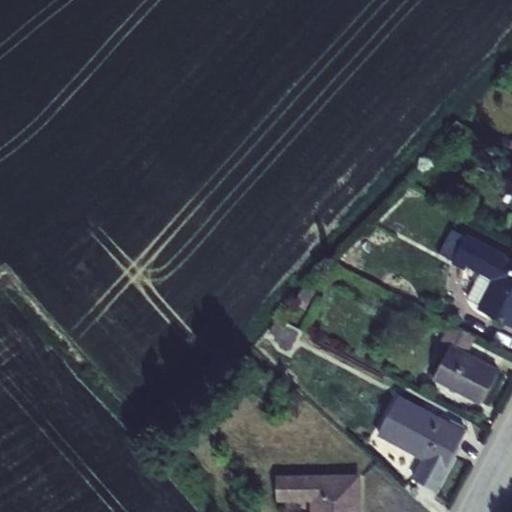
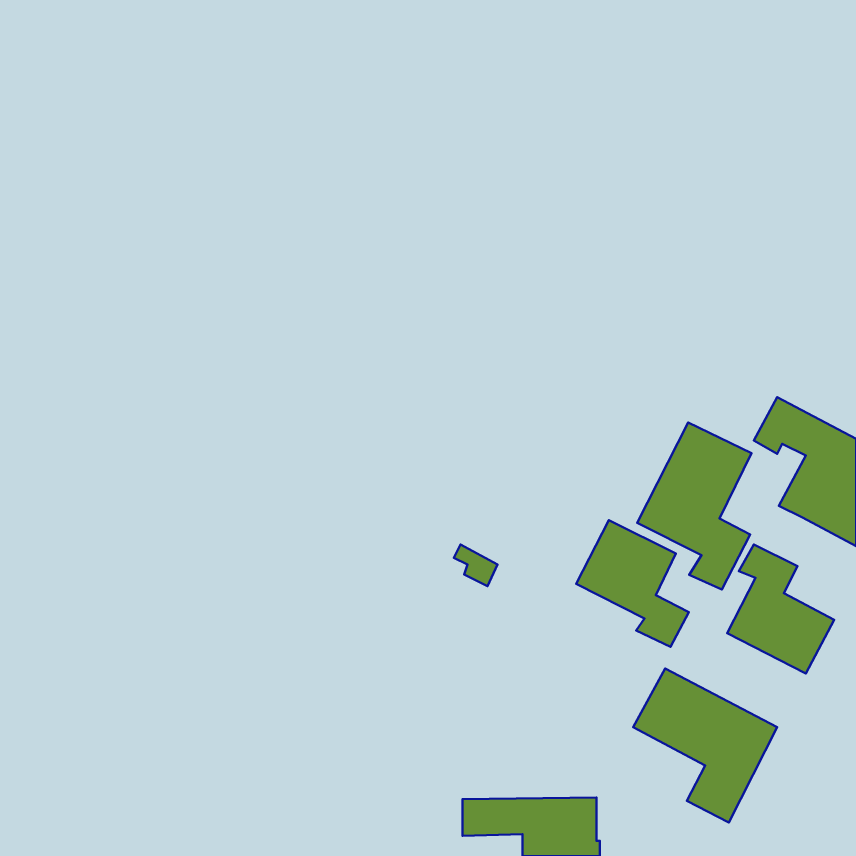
building: none -> [637,422,751,590]
building: none -> [576,520,689,647]

